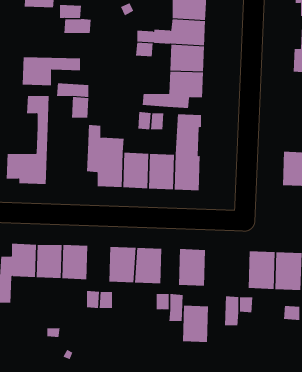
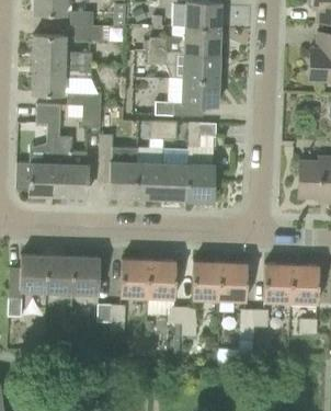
building: none -> [33,35,92,66]
building: none -> [57,137,88,196]
building: [182,305,209,343] -> [219,262,247,300]

